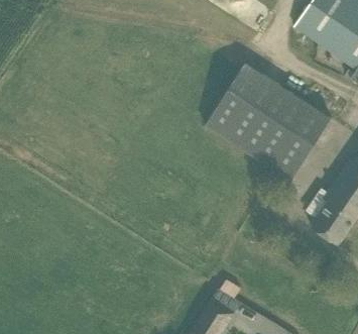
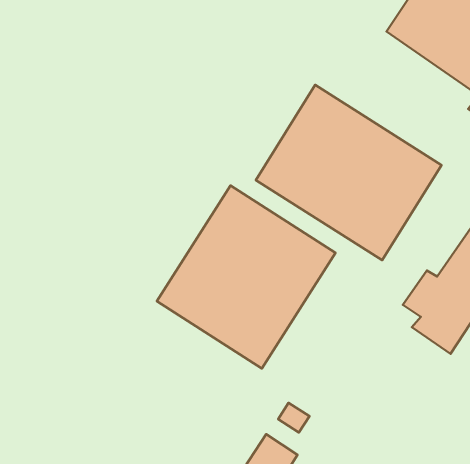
building: none -> [157,185,335,369]

